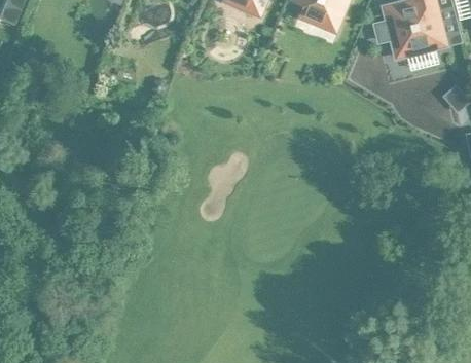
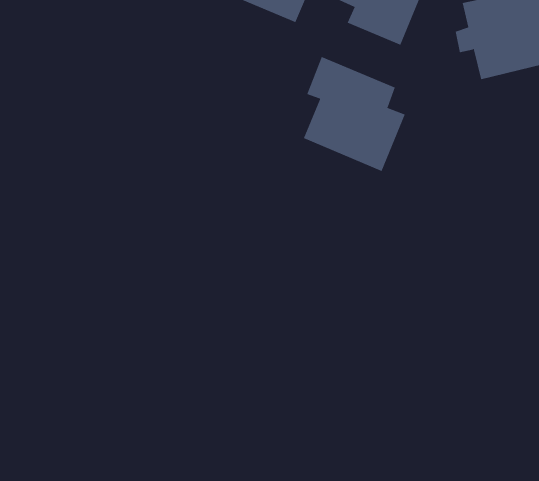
building: none -> [303,56,405,172]

